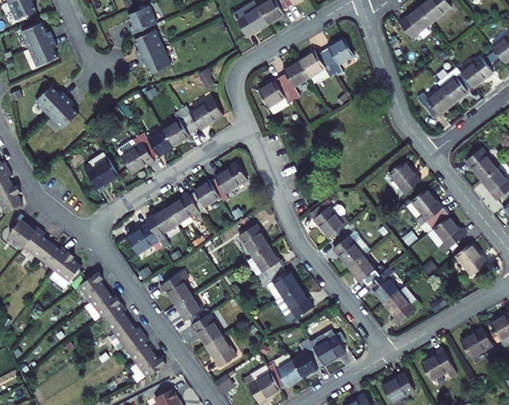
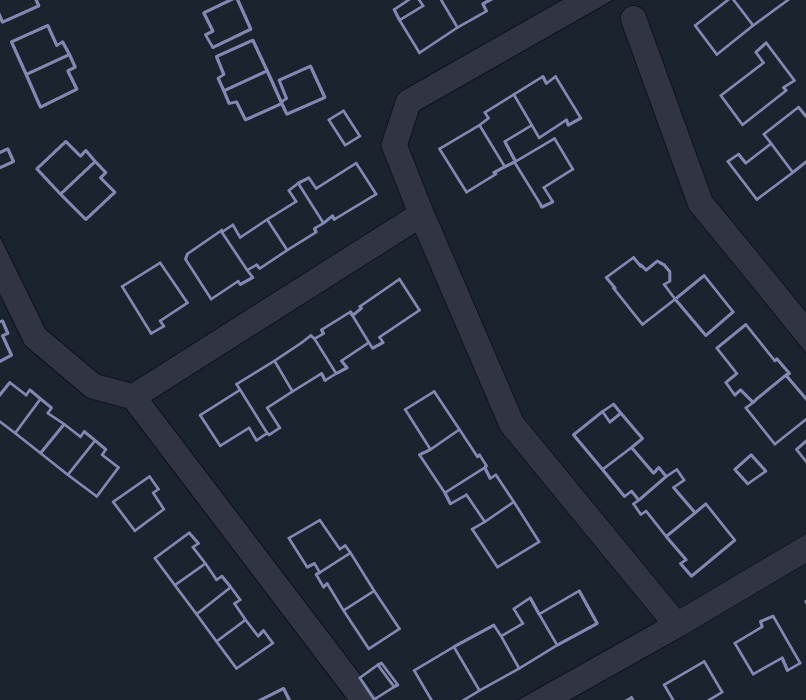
building: none -> [721,43,795,125]
building: [322,37,354,75] -> [515,139,573,207]
building: none -> [279,66,325,114]
building: [309,201,347,238] -> [606,257,675,324]
building: [159,270,192,305] -> none
building: [90,289,120,316] -> none

